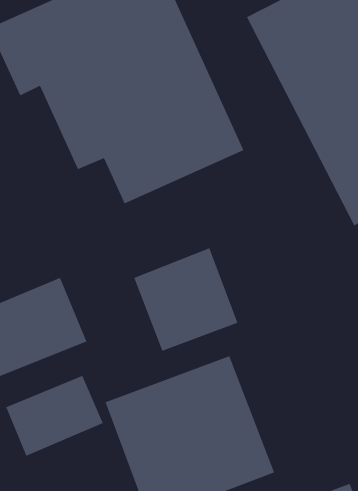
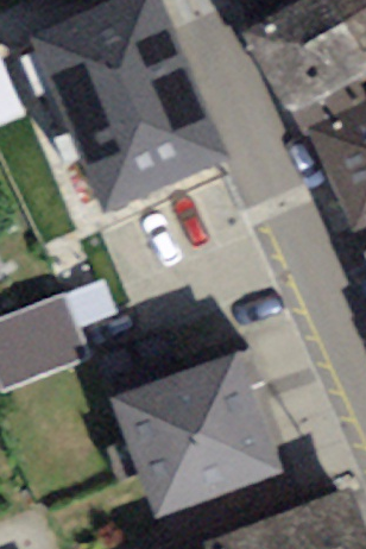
building: [133,247,238,352] -> none
building: [5,375,104,457] -> none

